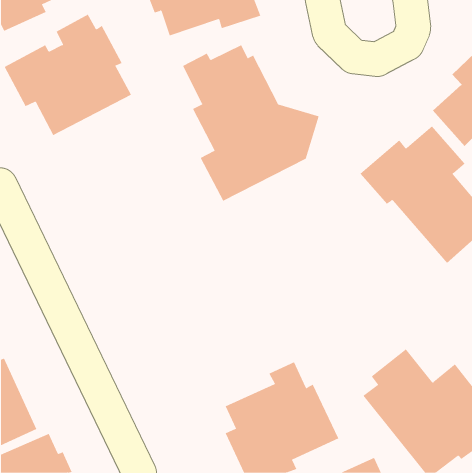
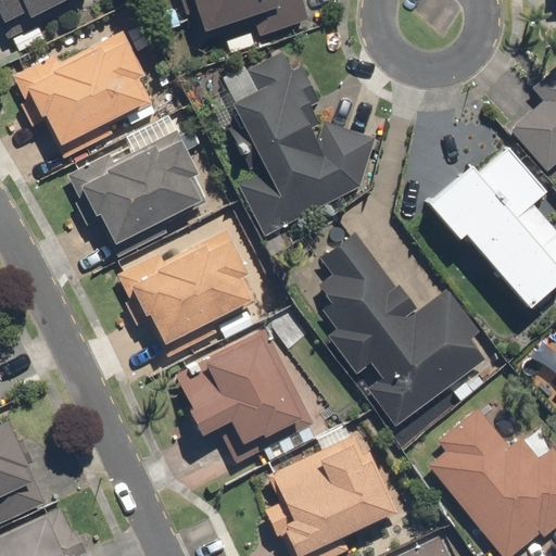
building: none -> [65,129,213,257]
building: none -> [113,227,264,356]
building: none -> [317,229,495,427]
building: none -> [167,327,314,462]

